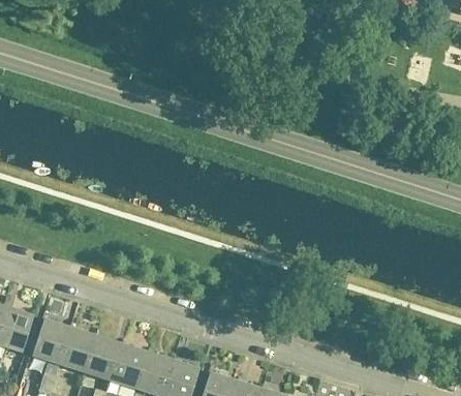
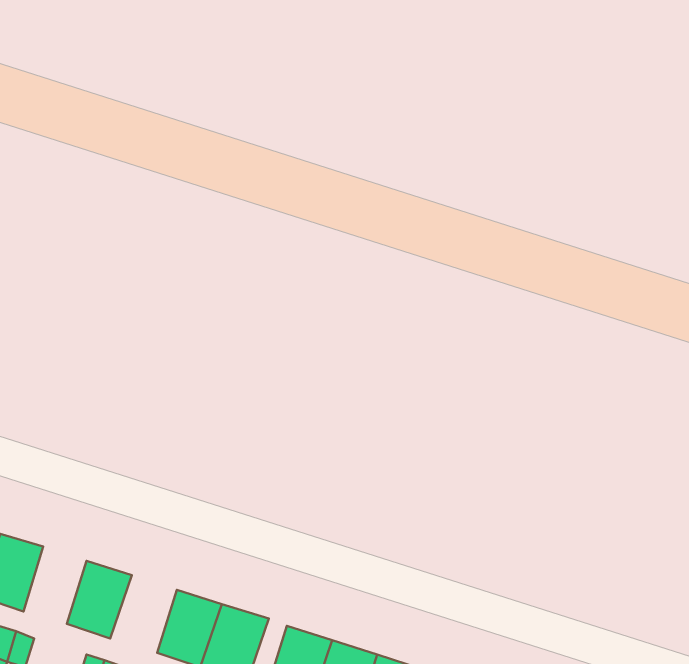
building: [59,327,95,371] -> none
building: [109,343,147,388] -> none

